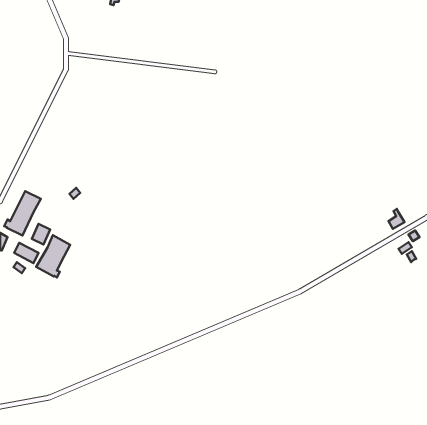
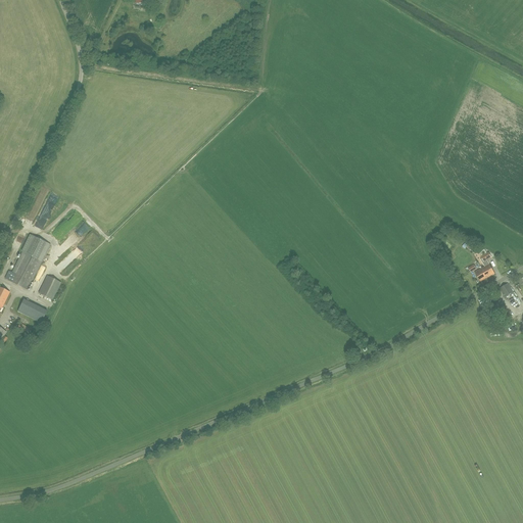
building: [36,235,70,278] -> none

